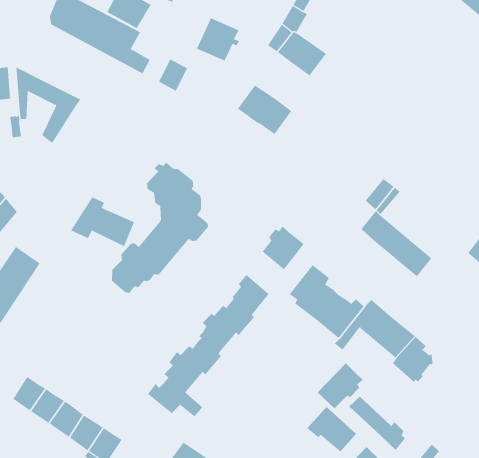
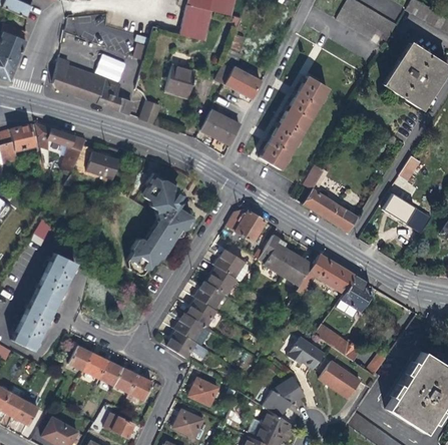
building: none -> [261,76,328,169]
building: [70,197,135,247] -> [72,145,118,178]
building: [317,362,364,409] -> none

